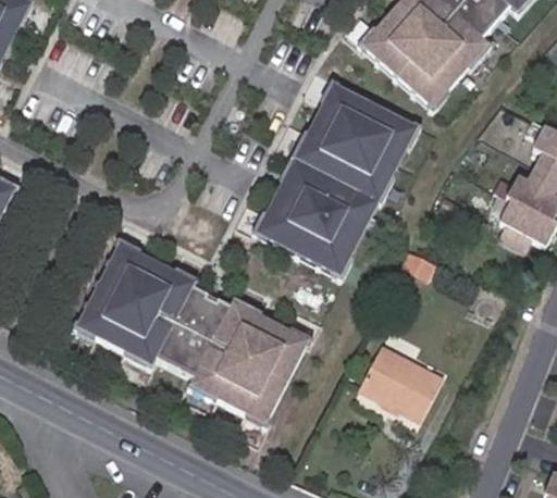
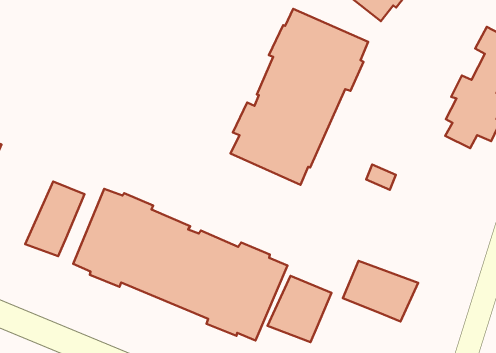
building: none -> [25,182,84,256]
building: none -> [267,276,331,342]

